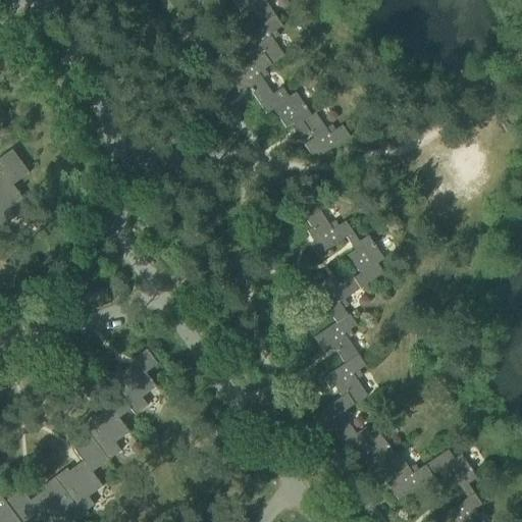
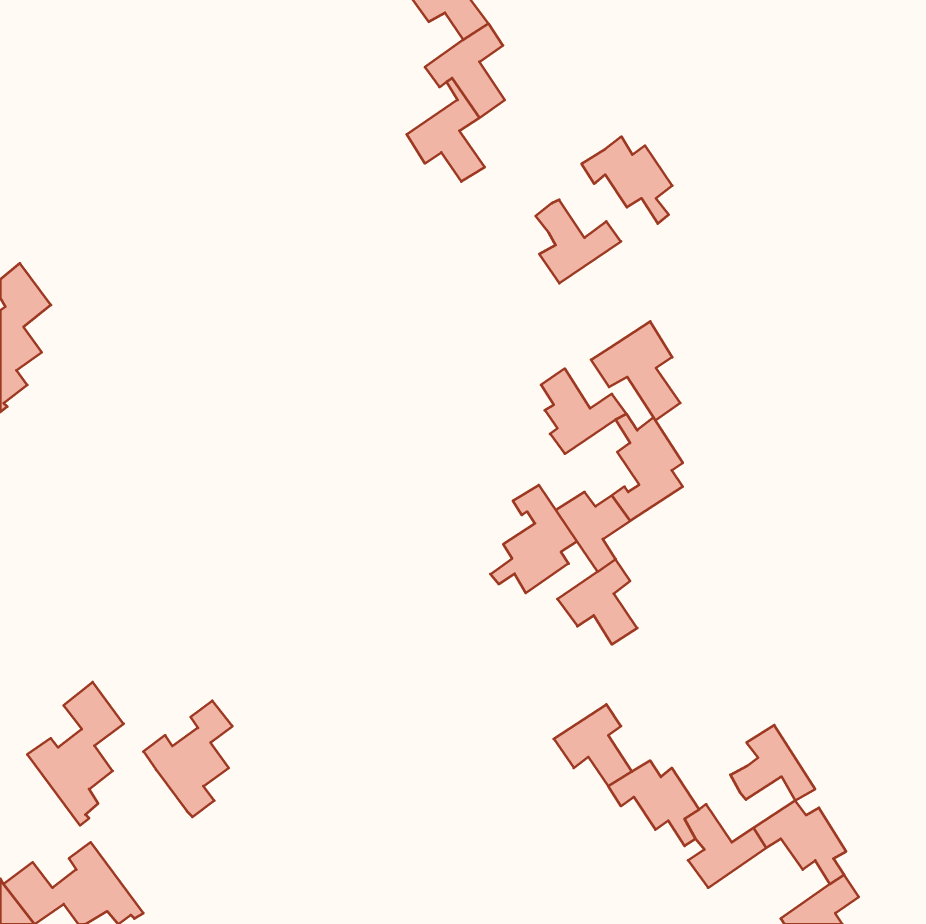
building: [260,87,311,136] -> [582,137,672,224]
building: none -> [591,321,680,420]
building: none -> [490,485,577,593]
building: [108,348,158,414] -> none
building: [323,353,368,408] -> none
building: none -> [730,725,815,801]
building: [52,432,106,513] -> [27,682,124,825]

